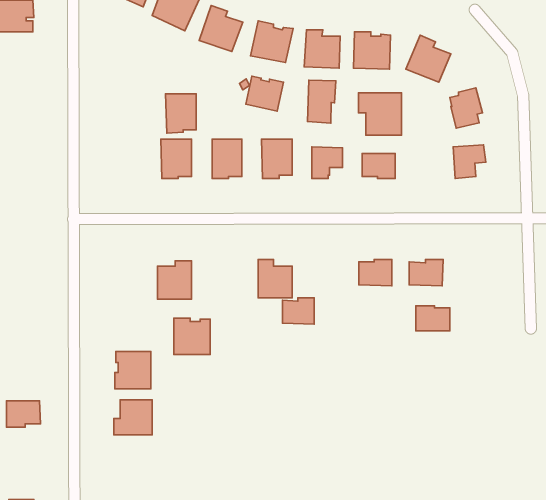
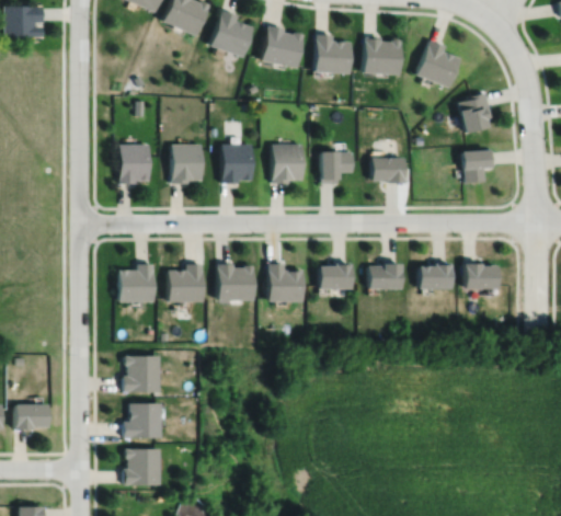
building: [246,76,283,111] -> none
building: [307,80,336,123] -> none
building: [359,93,401,135] -> none
building: [166,94,196,133] -> [118,145,149,184]
building: none -> [118,264,153,302]
building: [282,298,314,324] -> [320,264,352,290]
building: [416,306,450,331] -> [466,264,500,289]
building: [174,318,210,354] -> [217,265,253,301]
building: none -> [124,449,161,488]

